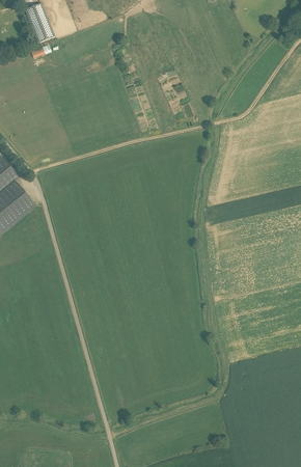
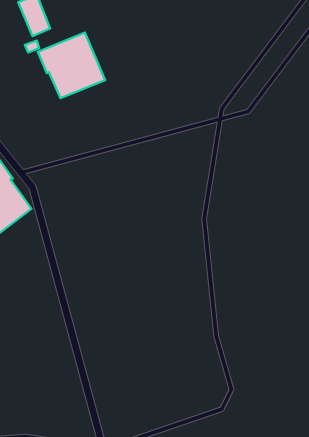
building: none -> [38,33,105,98]

